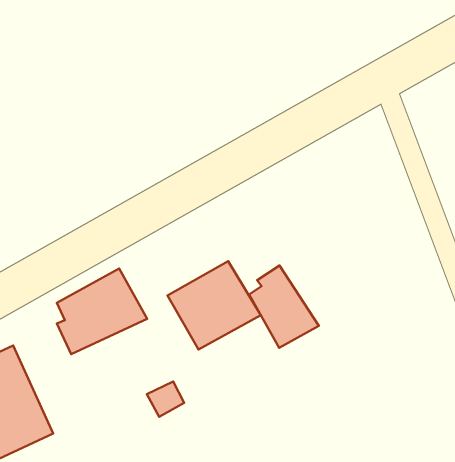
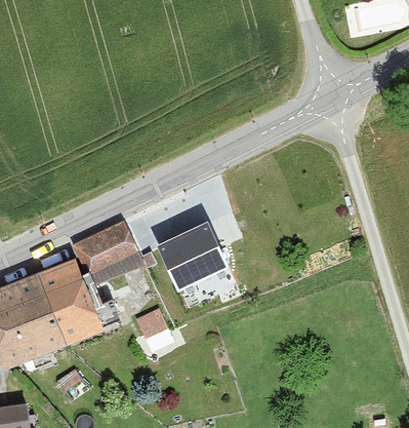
building: [249,265,319,348] -> none
building: none -> [41,261,100,343]

